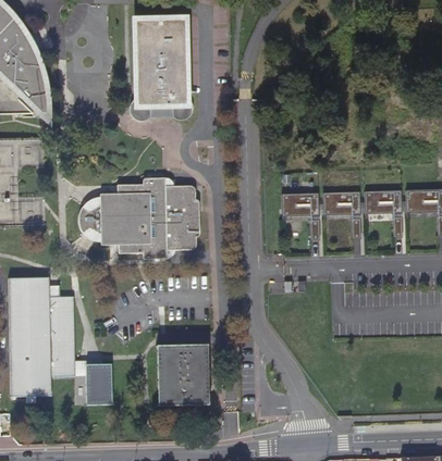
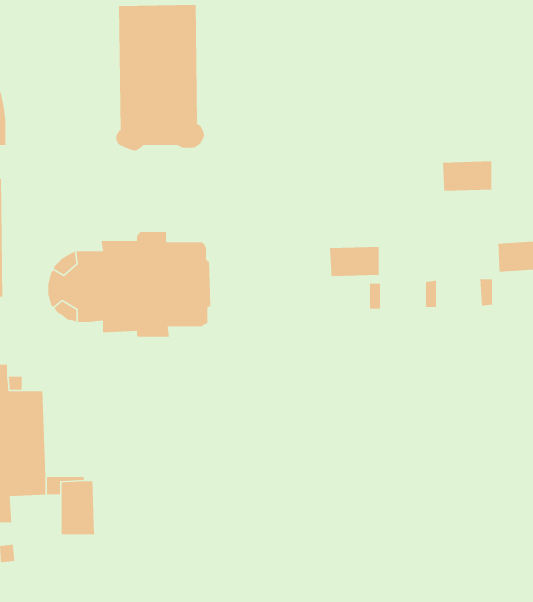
building: [367,189,404,212] -> [442,161,492,192]
building: [327,190,363,213] -> none
building: [155,345,207,404] -> none

